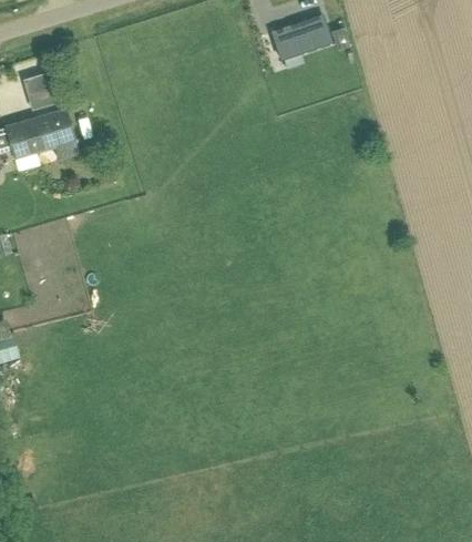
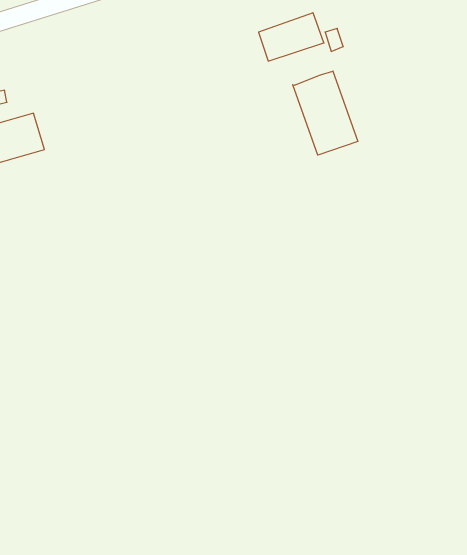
building: none -> [293,71,358,155]

